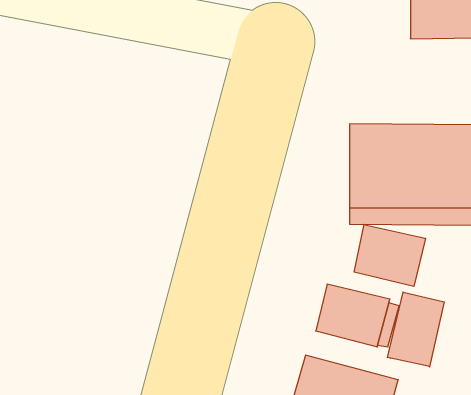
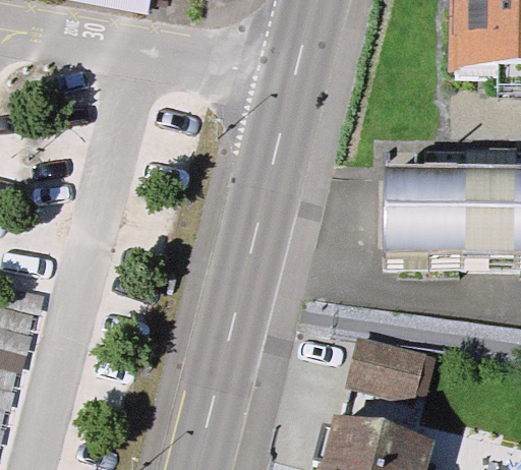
building: [354,224,425,286] -> none
building: [387,292,444,367] -> none

